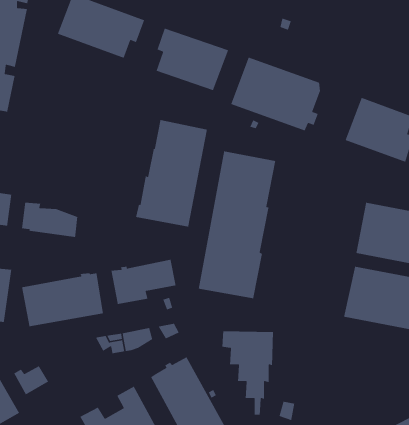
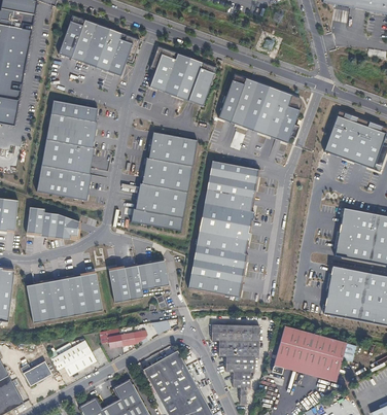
building: none -> [37,100,98,200]
building: none -> [272,322,357,379]
building: none -> [50,340,96,377]

